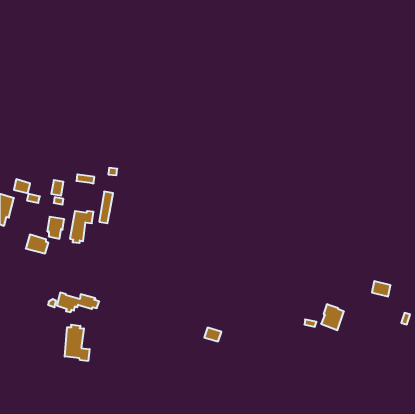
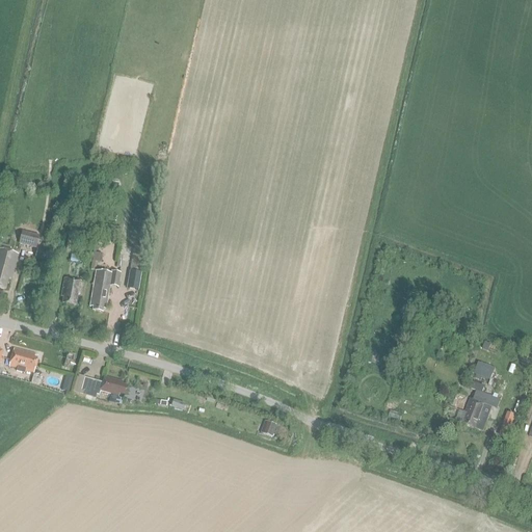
building: [26,235,48,253] -> [8,346,37,370]
building: [321,304,344,330] -> [461,396,490,429]
building: [65,325,90,361] -> none

